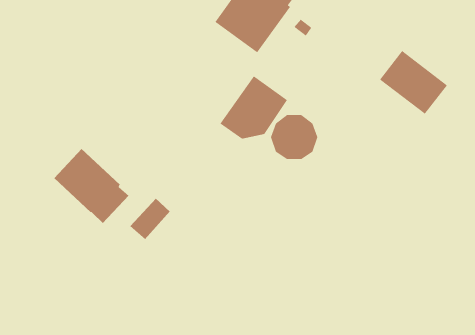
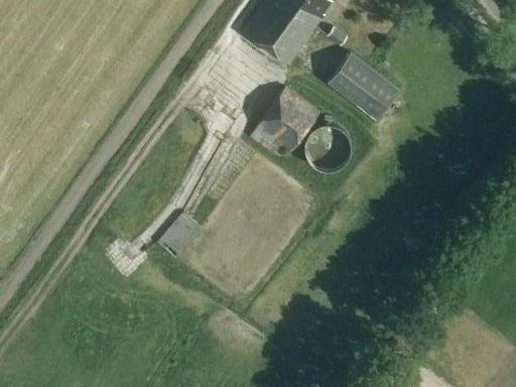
building: [379,50,448,115] -> [328,53,398,120]
building: [54,148,129,224] -> none

